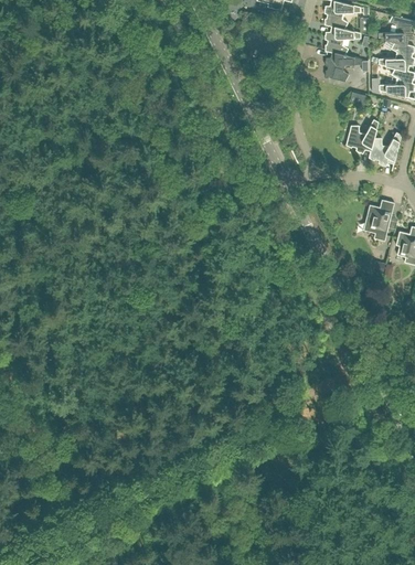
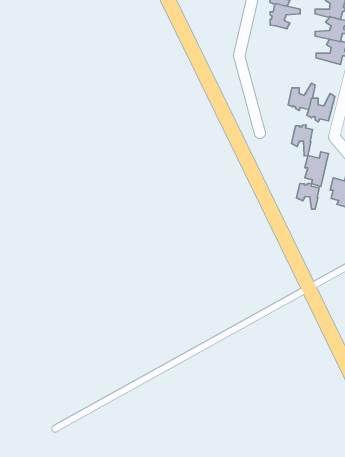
building: [326,52,361,82] -> none
building: none -> [292,125,313,156]
building: none -> [297,184,319,209]

